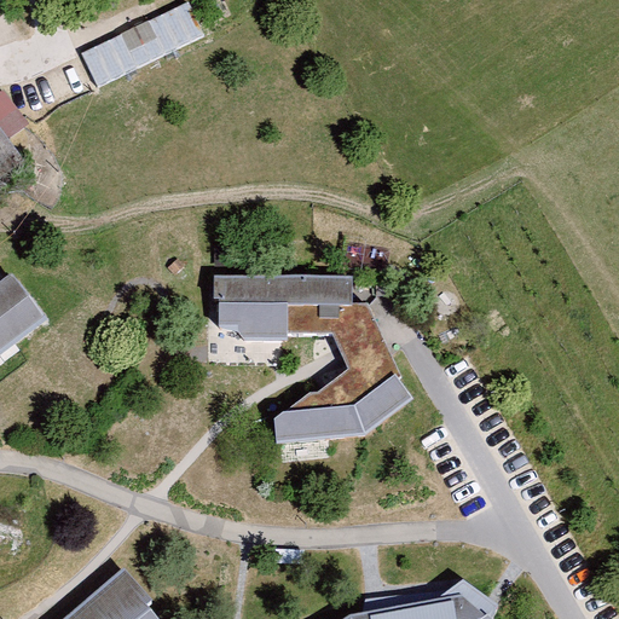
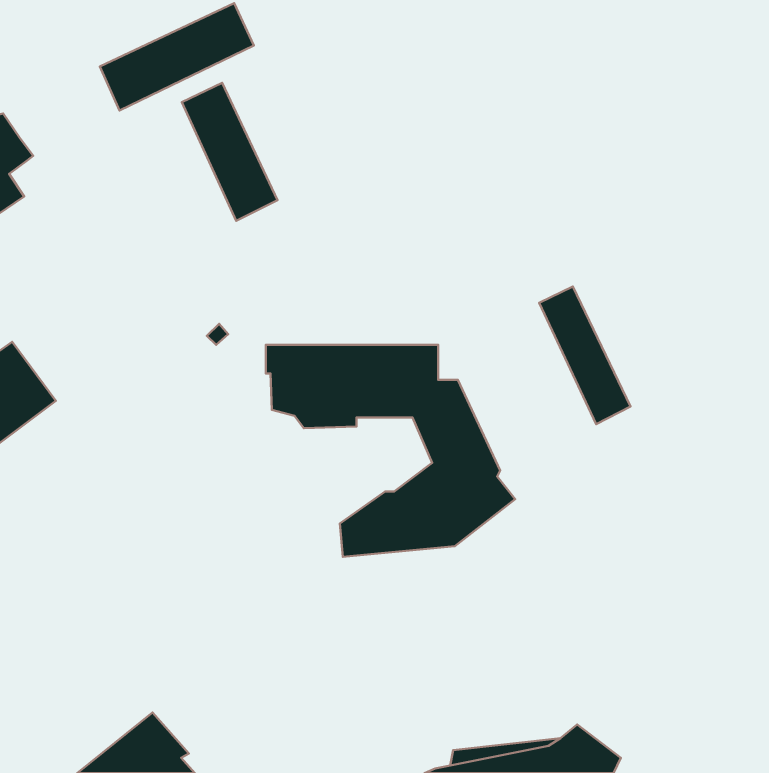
building: none -> [182,83,278,221]
building: none -> [539,286,631,424]

